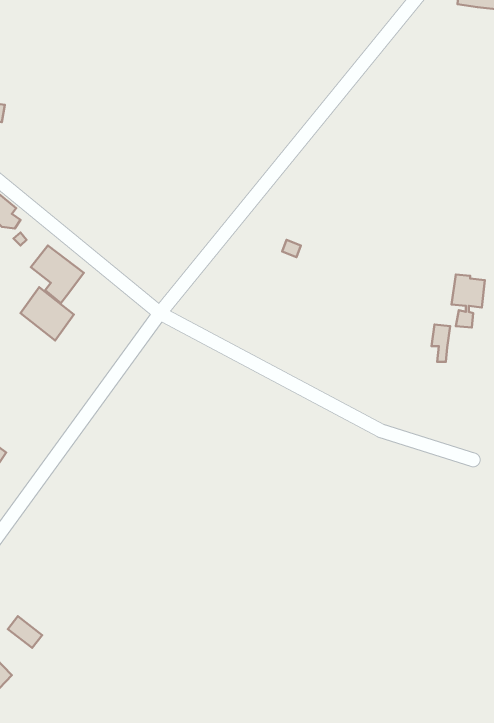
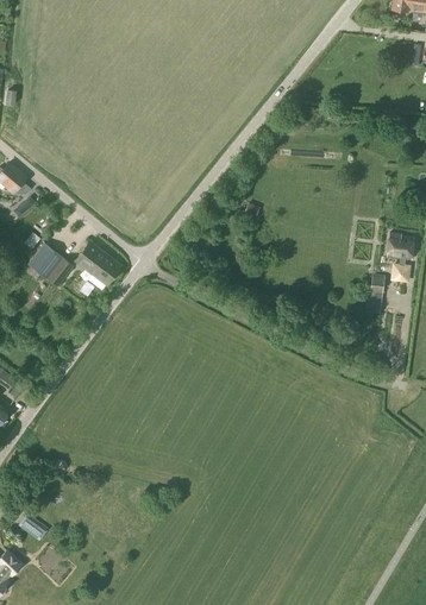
building: [31,246,84,303] -> [76,241,120,289]

